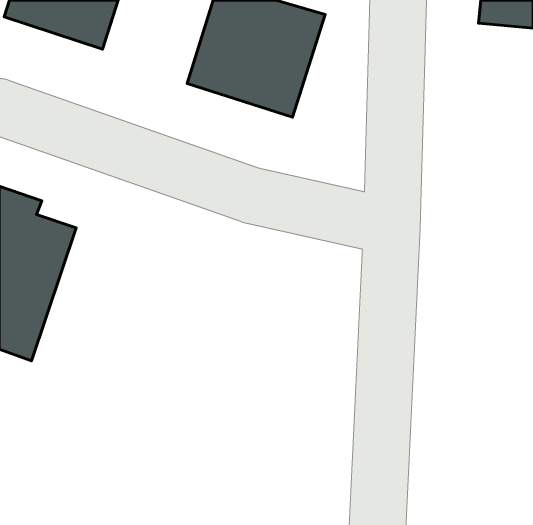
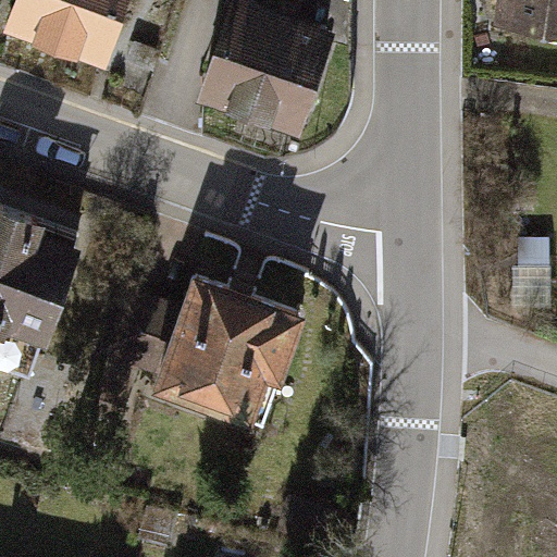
building: none -> [156,281,314,424]

